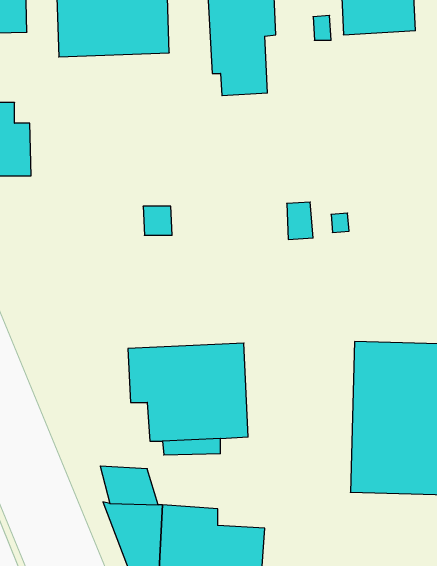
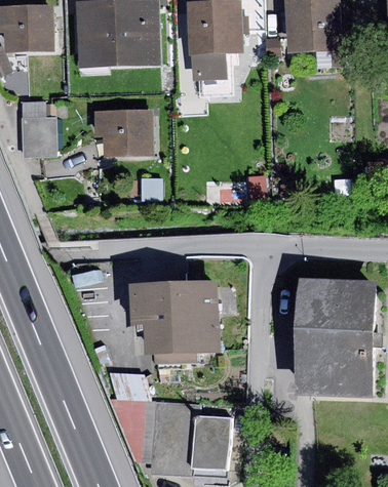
building: none -> [92,108,152,156]

